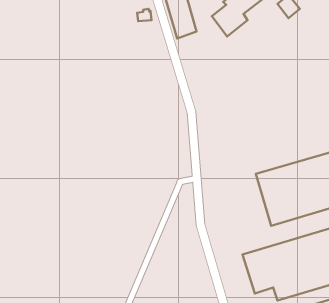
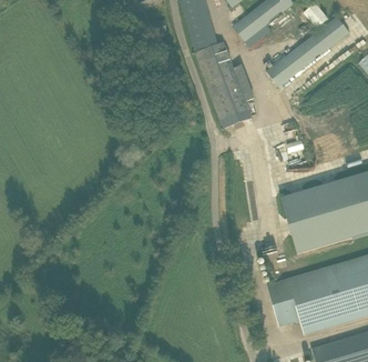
building: none -> [266,16,350,89]
building: none -> [196,42,255,127]

